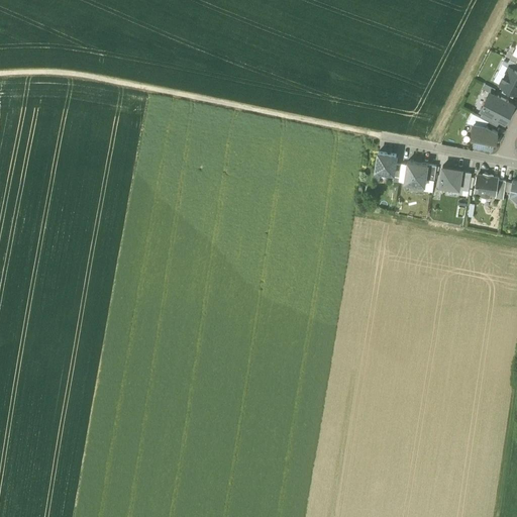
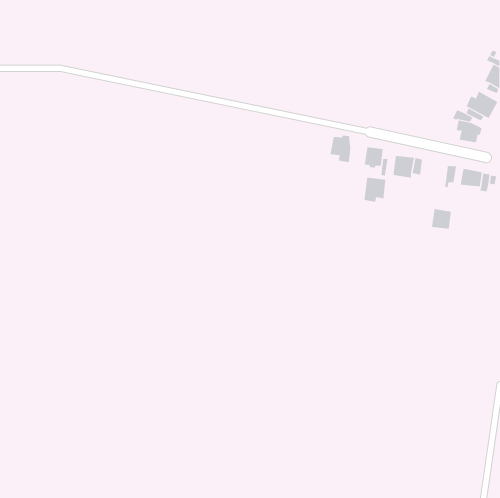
building: none -> [330,135,351,163]
building: [440,168,461,189] -> [431,209,452,229]
building: none -> [364,177,386,203]

